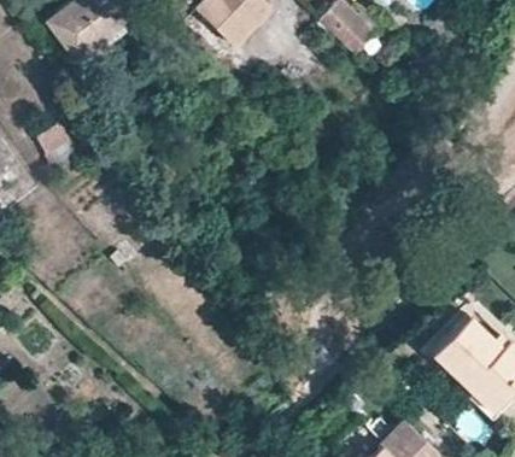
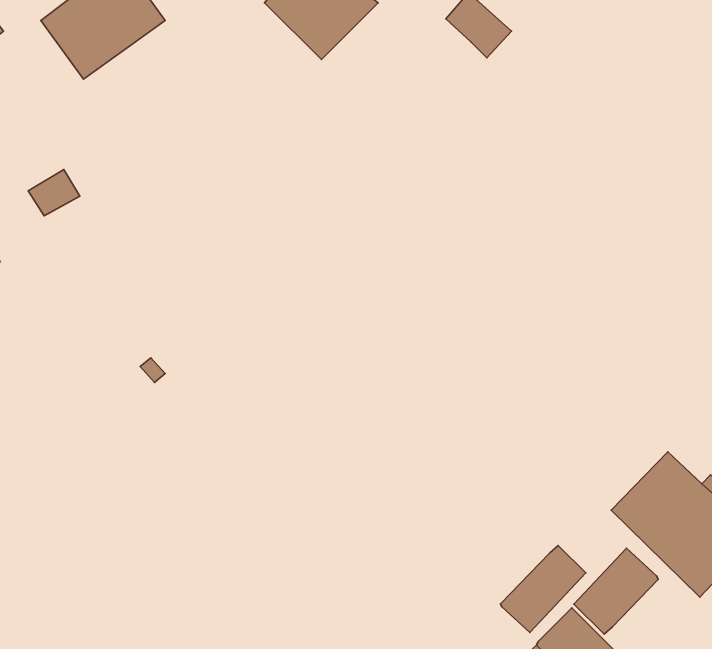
building: none -> [501,545,586,633]
building: none -> [574,548,658,634]

